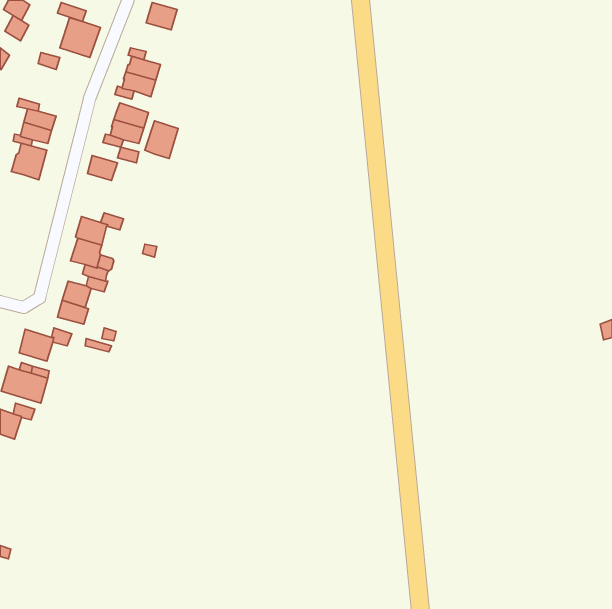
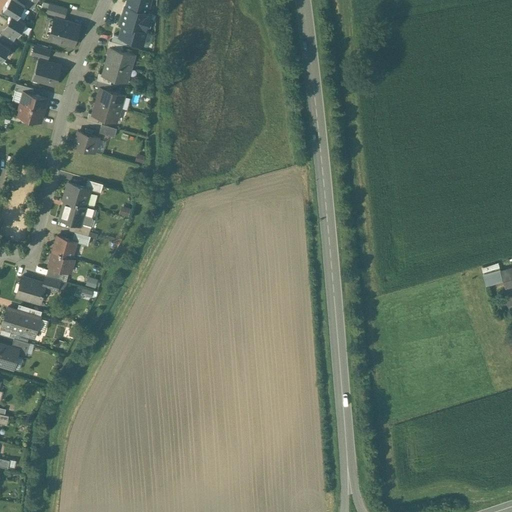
building: none -> [117,21,143,44]
building: none -> [34,61,60,86]
building: [145,121,178,159] -> none
building: [11,143,47,180] -> none

